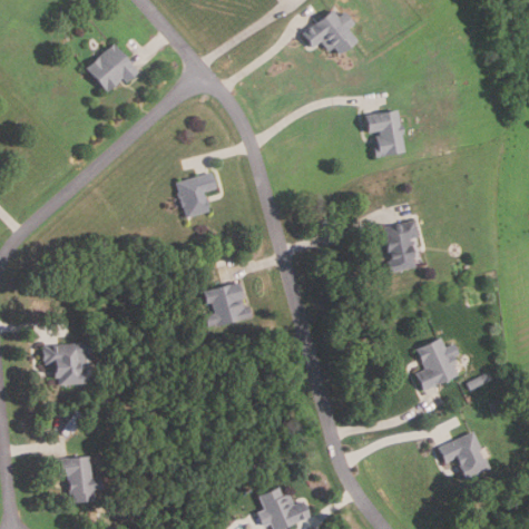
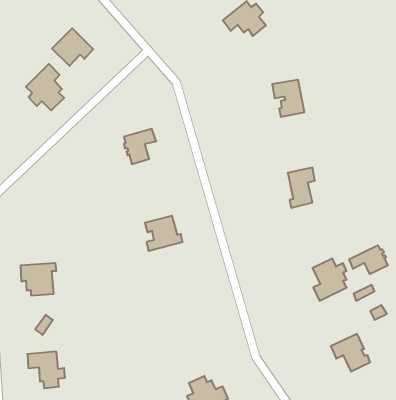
building: none -> [26,64,64,110]
building: none -> [349,245,388,274]

